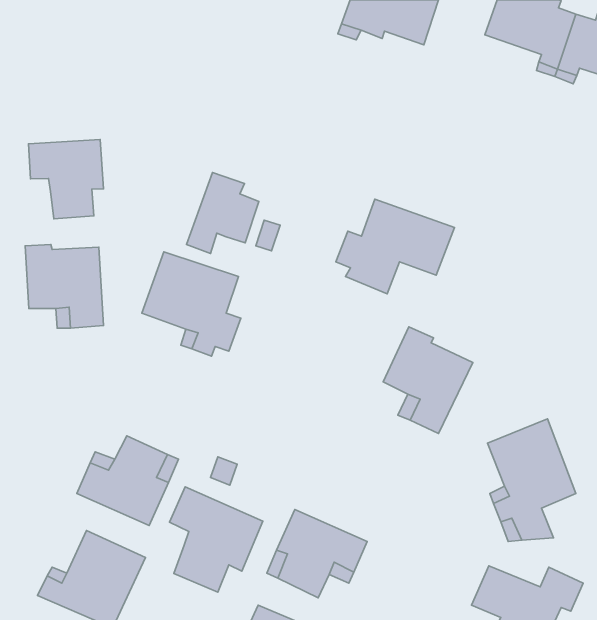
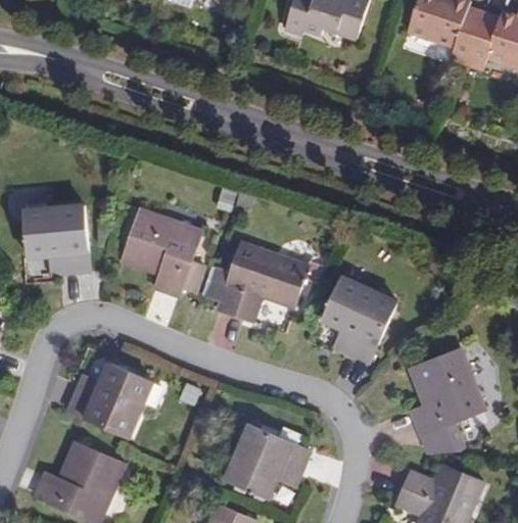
building: [29,140,104,219] -> none
building: [186,172,259,253] -> none
building: [336,199,455,294] -> [207,244,307,323]
building: [170,487,263,592] -> none

